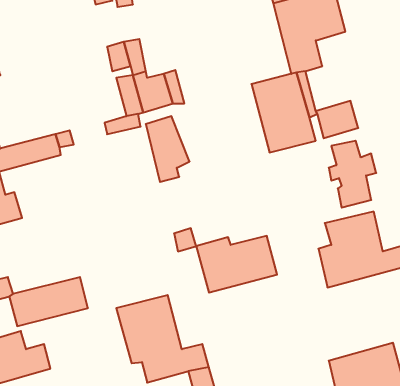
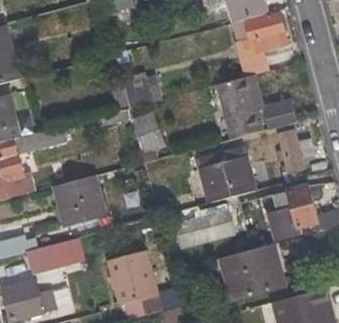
building: none -> [197,145,256,201]
building: none -> [51,174,107,228]
building: none -> [220,244,284,299]

